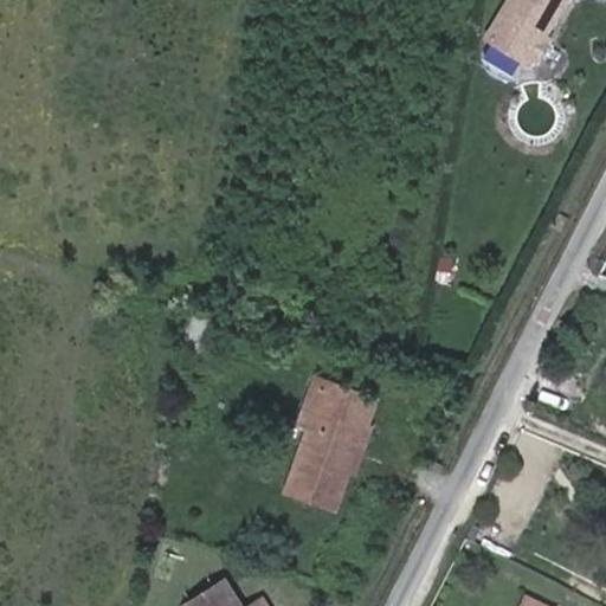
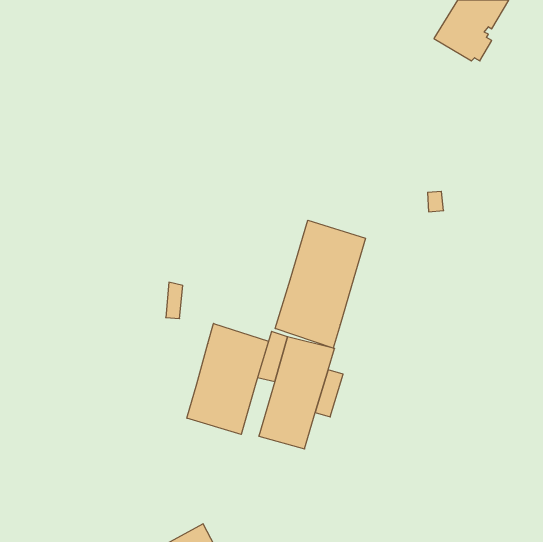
building: none -> [275,220,366,348]
building: none -> [187,323,268,434]

